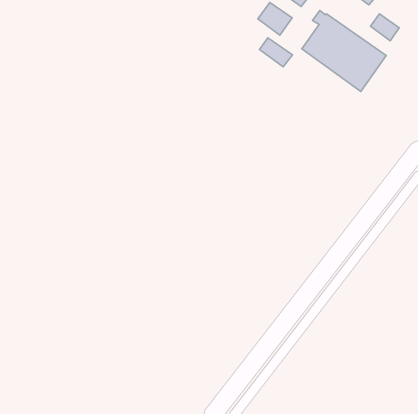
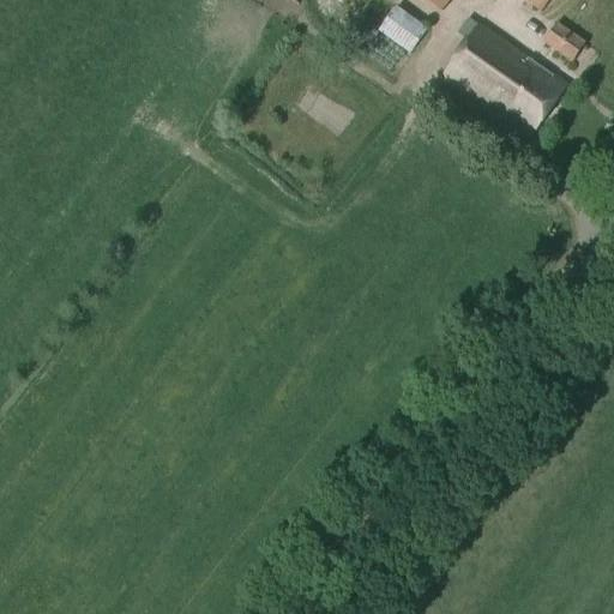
building: [260,38,292,67] -> none

